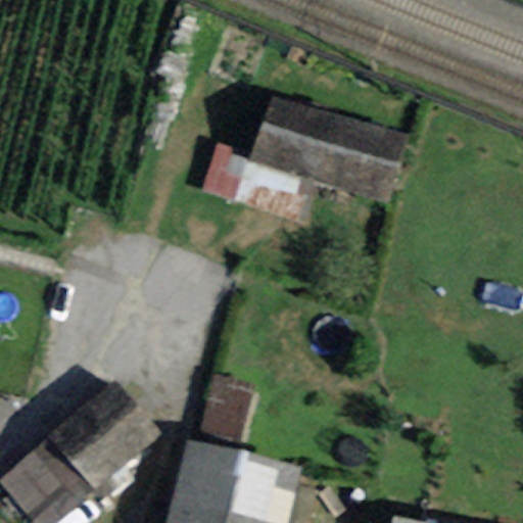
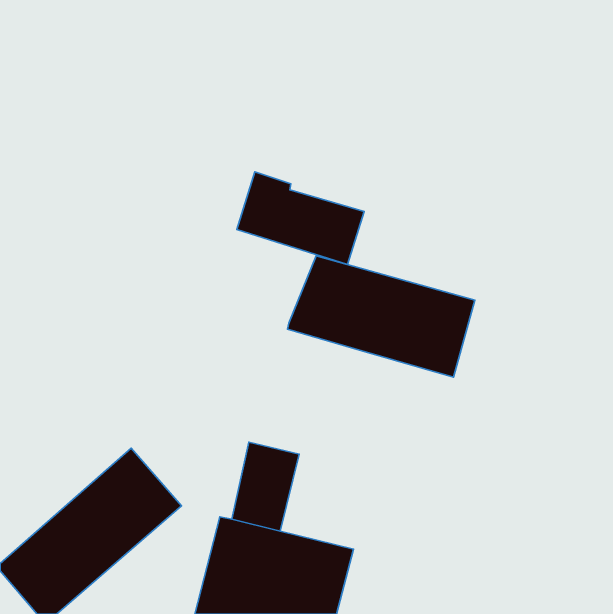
building: [247,99,407,202] -> [287,256,475,377]

